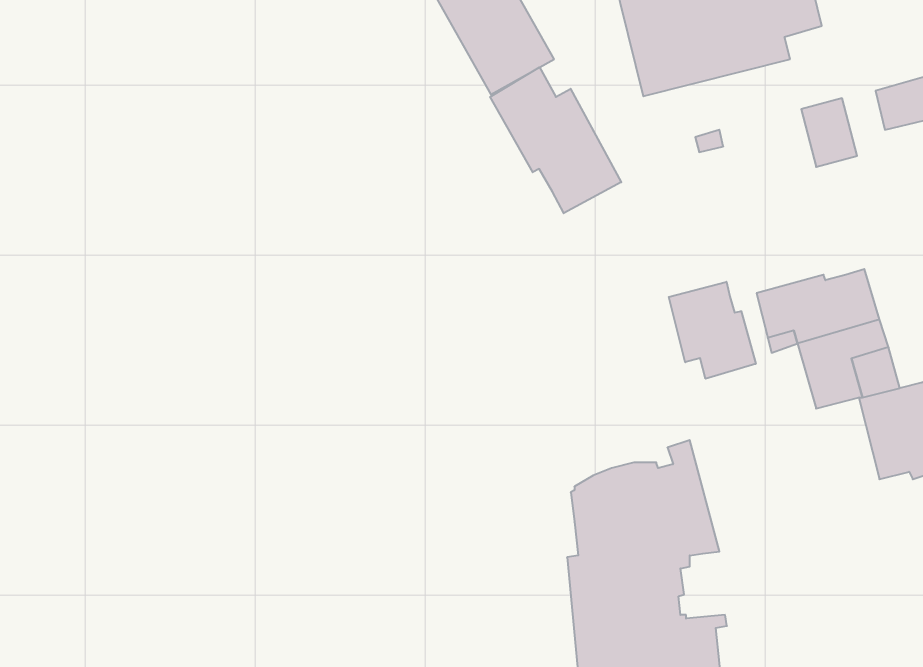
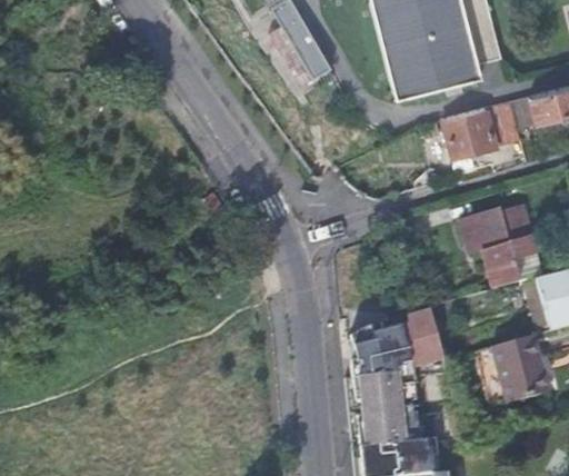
building: [490,67,621,213] -> none
building: none -> [446,108,498,156]
building: [669,282,756,379] -> none
building: none -> [481,334,552,406]

